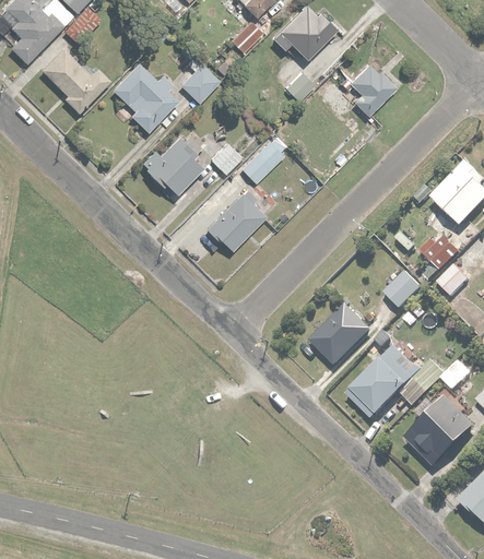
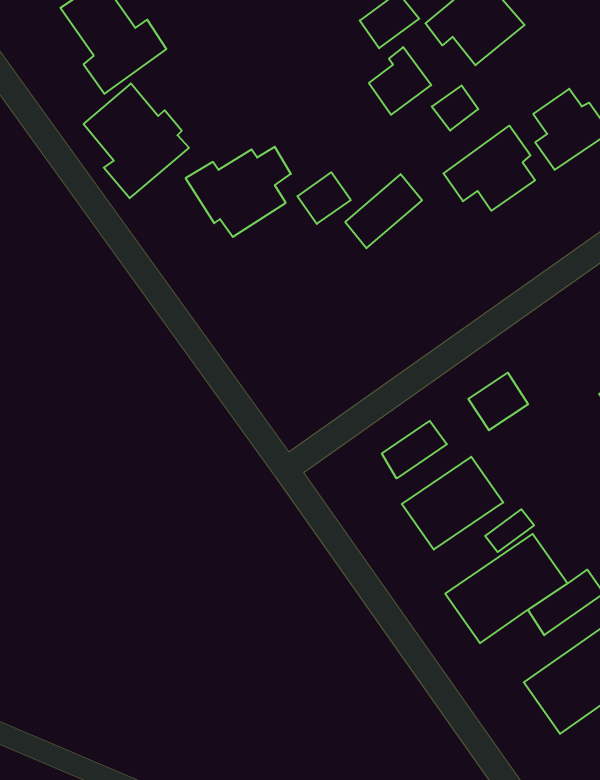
building: [178,59,217,103] -> [369,47,431,115]
building: [111,61,180,133] -> [84,83,189,198]
building: none -> [443,126,535,211]
building: [204,192,265,251] -> none
building: [385,272,423,310] -> [468,373,528,430]
building: none -> [382,421,447,478]

